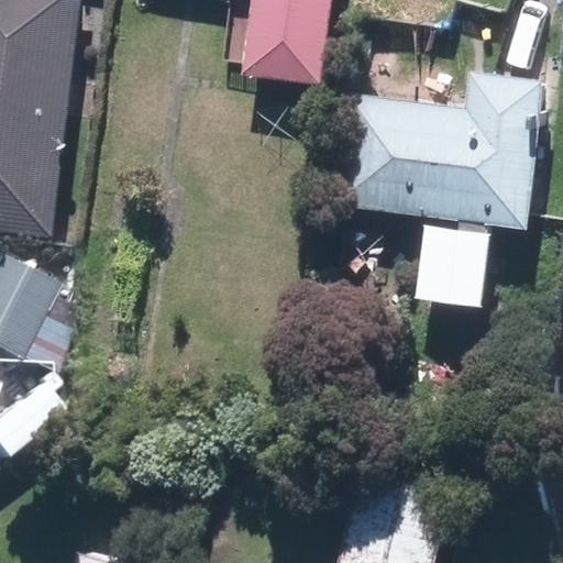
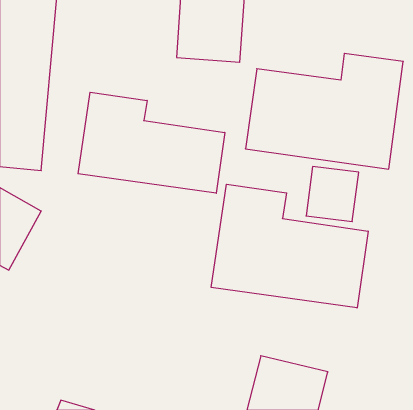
building: none -> [78,92,225,193]
building: none -> [211,184,368,308]

